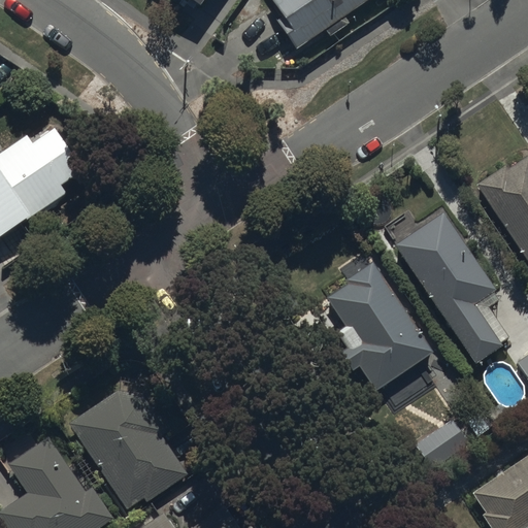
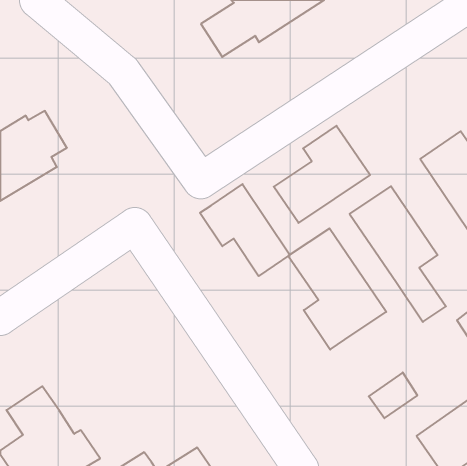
building: none -> [274,126,370,223]
building: none -> [200,184,290,276]
building: [70,386,185,509] -> none

